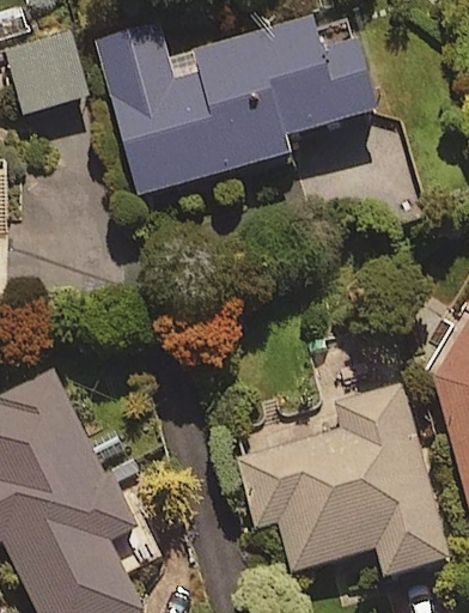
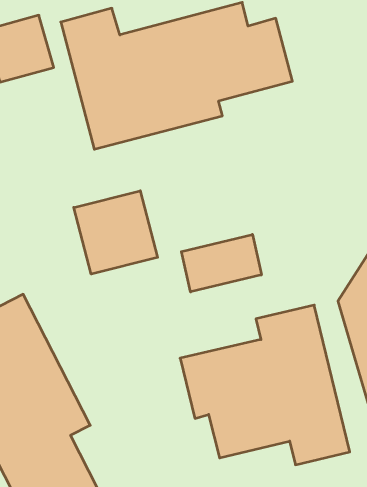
building: none -> [74,191,158,274]
building: none -> [181,234,261,292]

